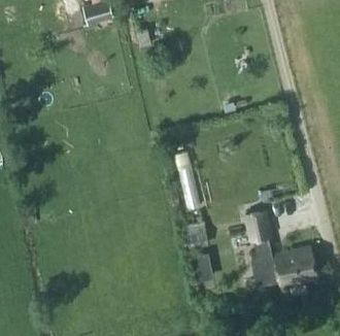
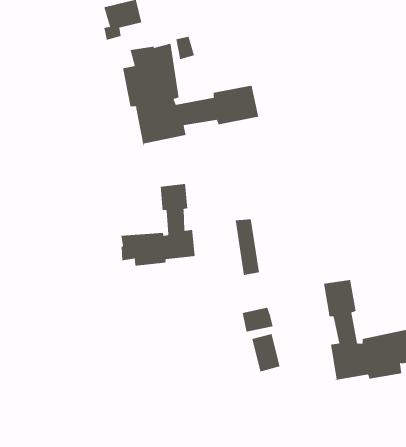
building: none -> [122,43,259,146]
building: none -> [121,183,197,266]

